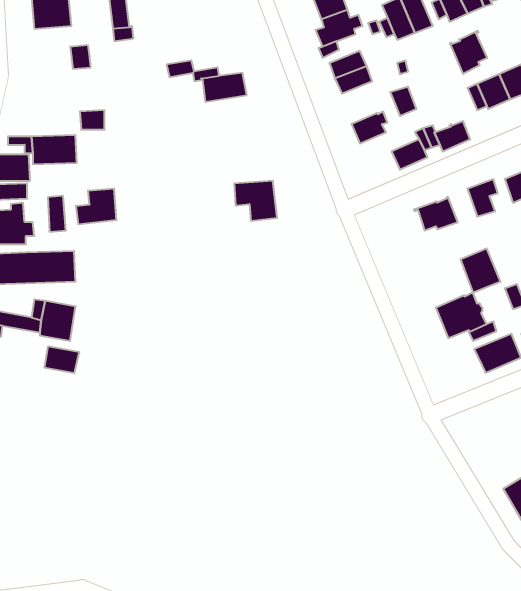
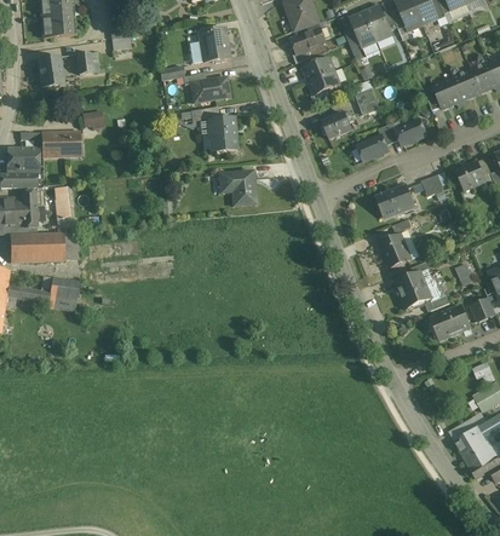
building: none -> [199,28,228,60]
building: [450,31,487,74] -> none
building: none -> [38,56,63,87]
building: none -> [207,117,236,151]
building: [76,188,116,224] -> none
building: [461,248,501,293] -> [380,230,415,269]
building: [44,346,79,373] -> none

